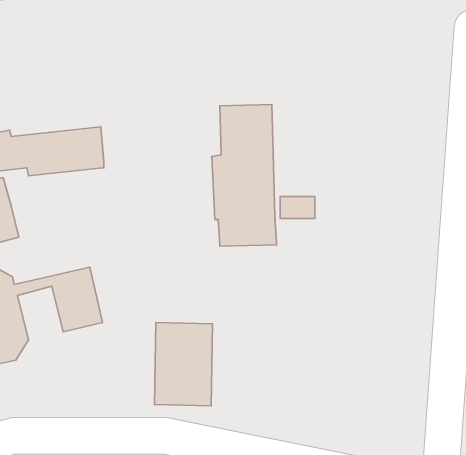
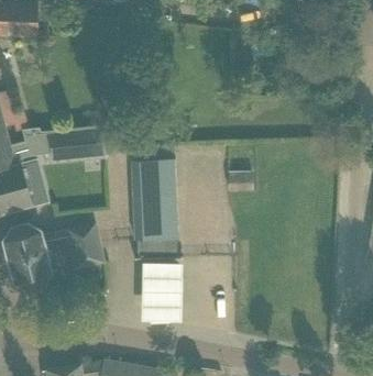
building: [212,104,276,246] -> [132,162,177,261]

